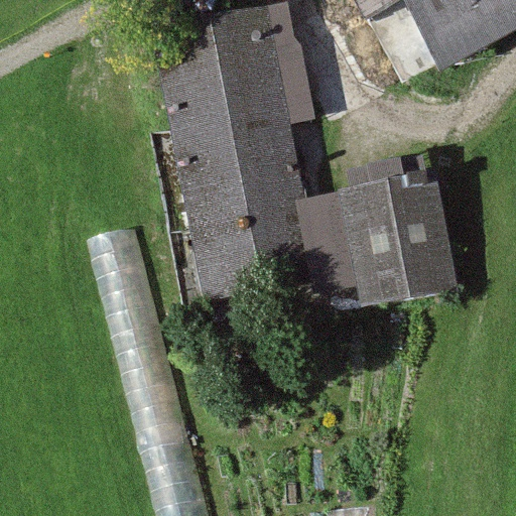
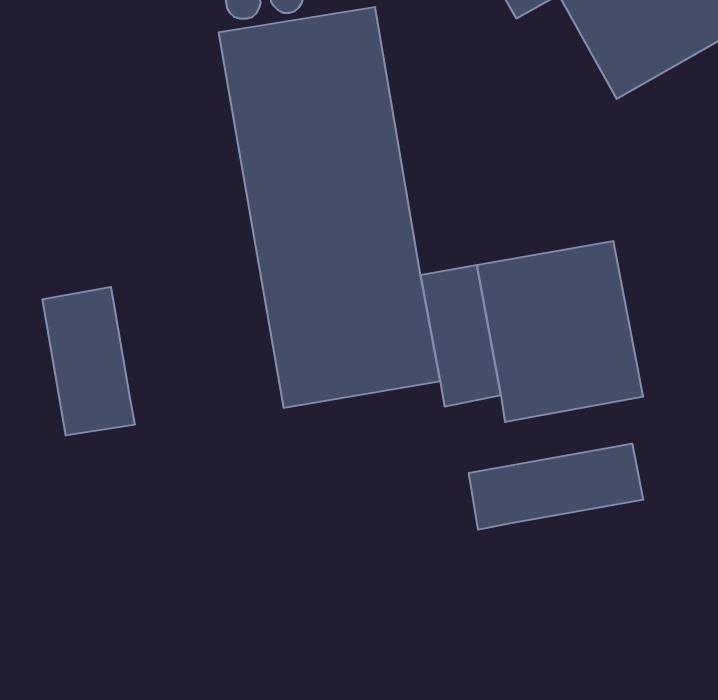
building: none -> [43,287,135,436]
building: none -> [469,444,643,530]

